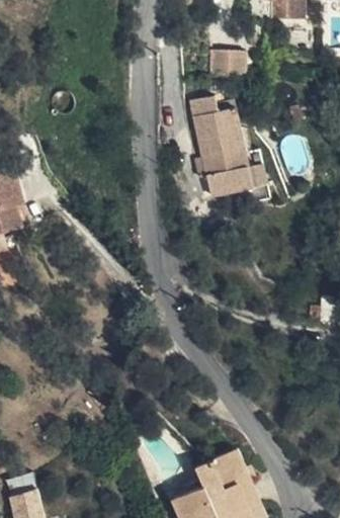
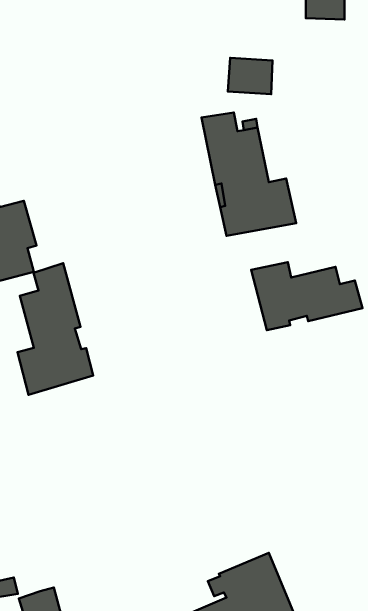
building: none -> [251,262,363,330]
building: none -> [18,263,93,395]

